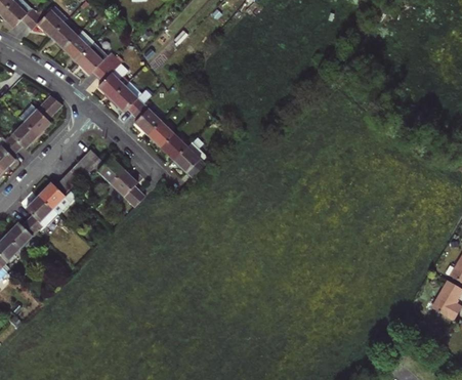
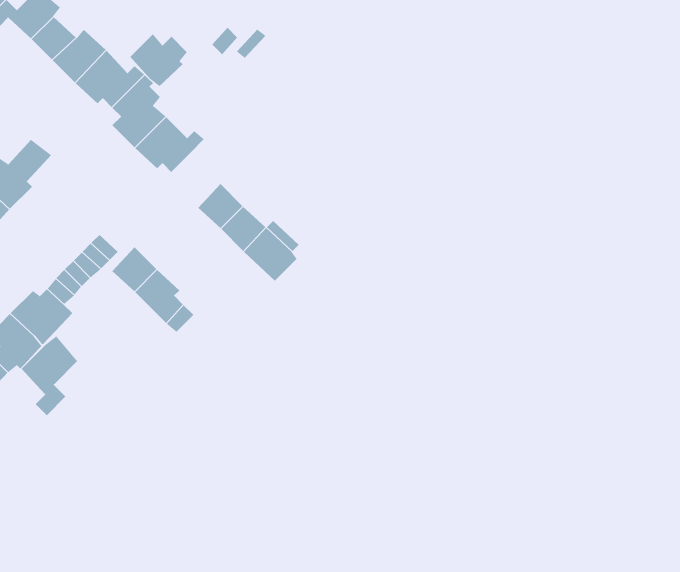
building: none -> [129,33,188,88]
building: [132,102,161,134] -> none
building: none -> [21,336,78,416]

